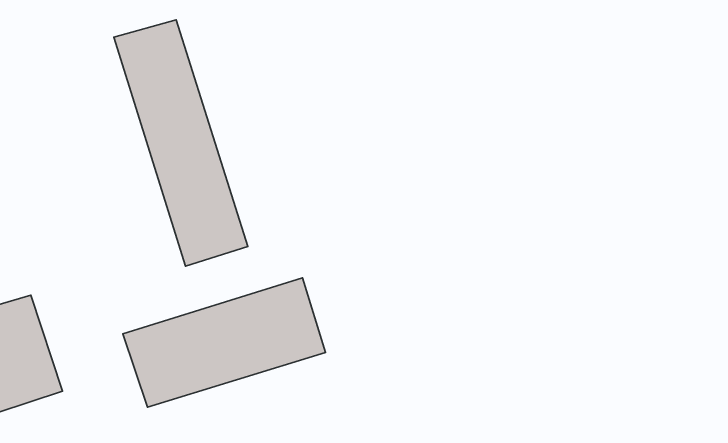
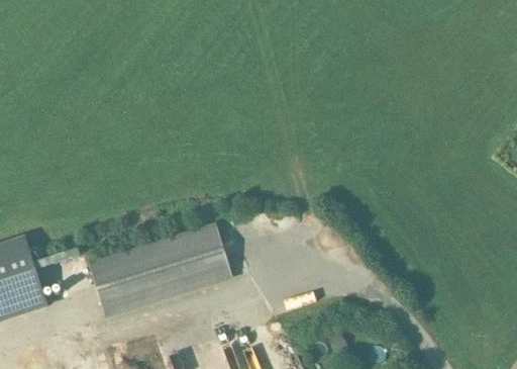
building: [114,20,248,266] -> none

